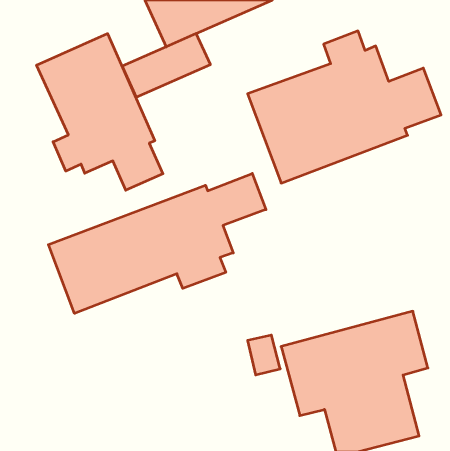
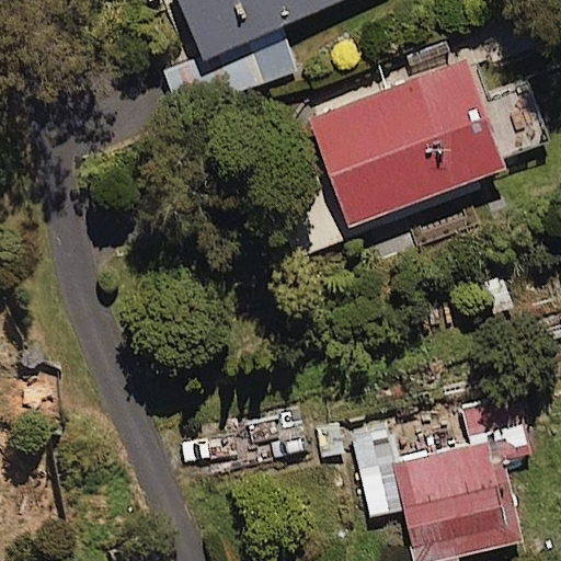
building: [37,34,163,190] -> none
building: [48,173,266,313] -> none

